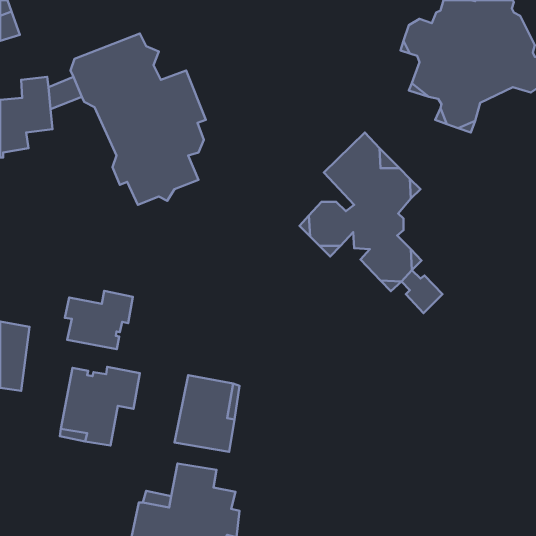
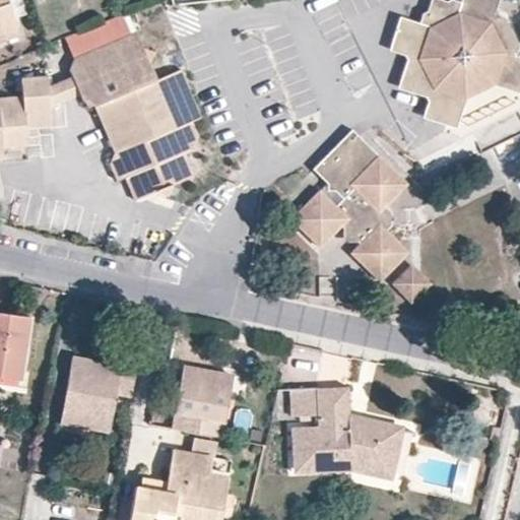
building: none -> [64,13,136,58]
building: [65,291,133,349] -> none
building: none -> [290,387,402,479]

